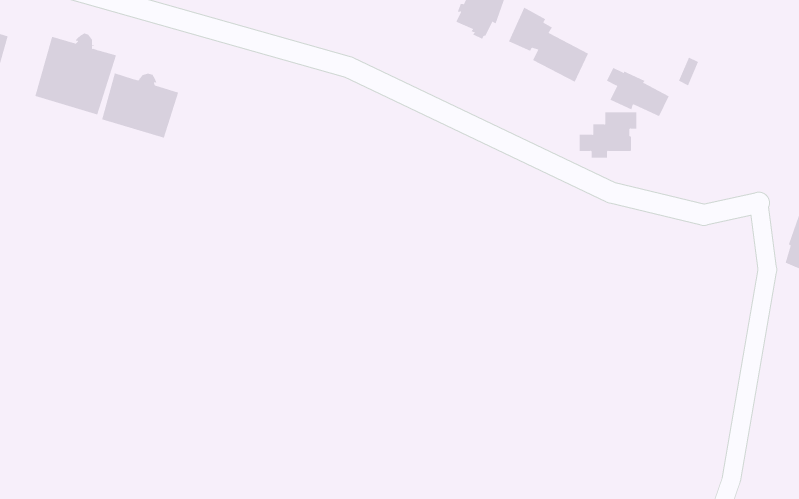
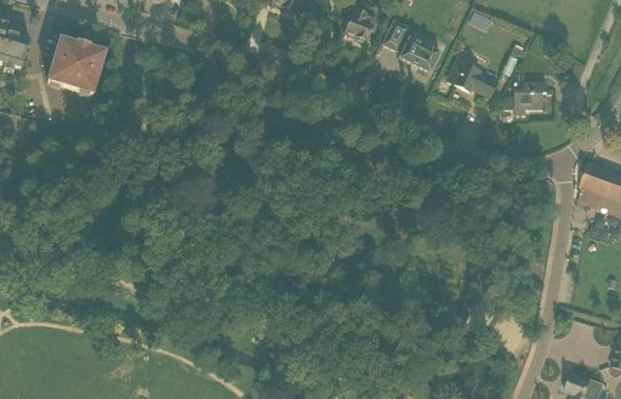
building: [102,73,179,138] -> none
building: [579,112,637,158] -> [505,81,546,114]

